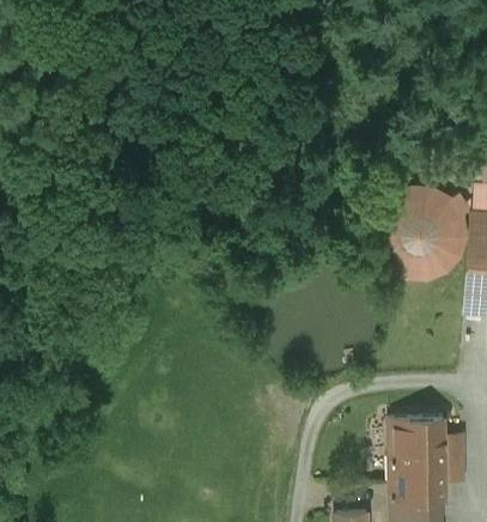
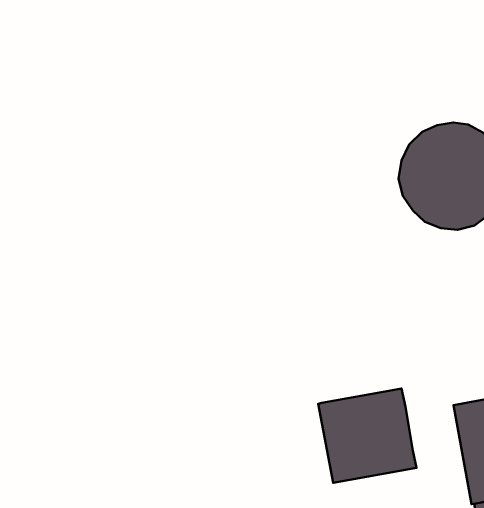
building: none -> [318,389,417,483]

